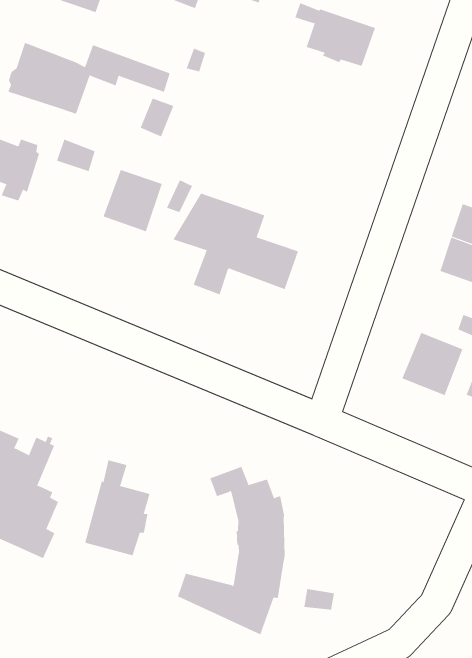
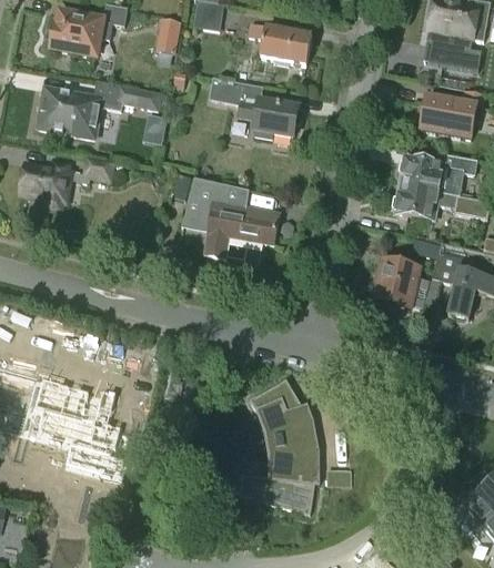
building: none -> [212,79,299,136]
building: [103,169,162,232] -> none
building: [85,459,150,556] -> none

